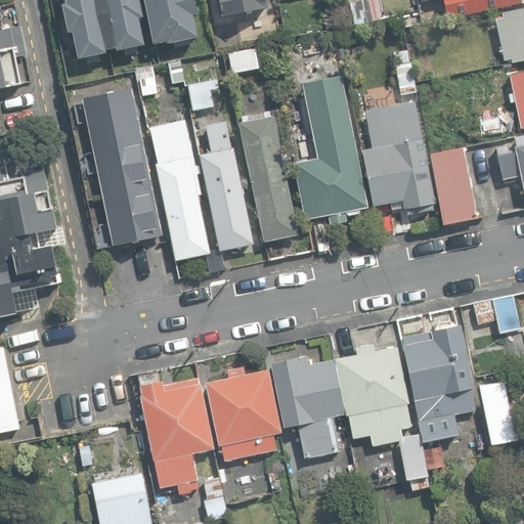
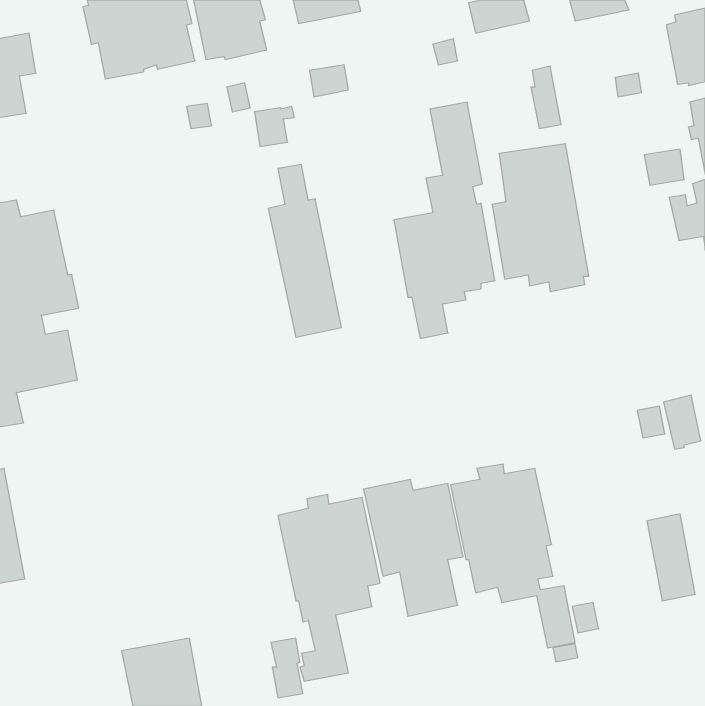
building: [82,87,164,246] -> none
building: [237,114,299,242] -> none
building: [149,120,210,261] -> none
building: [430,147,475,224] -> none
building: [402,320,477,443] -> none
building: [140,379,215,496] -> none

